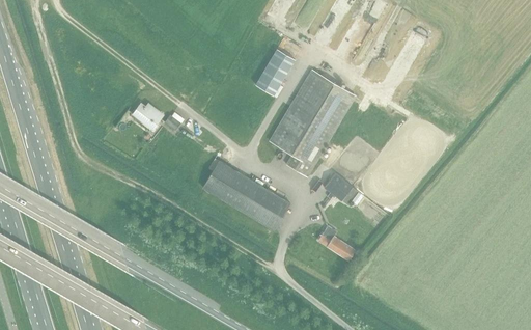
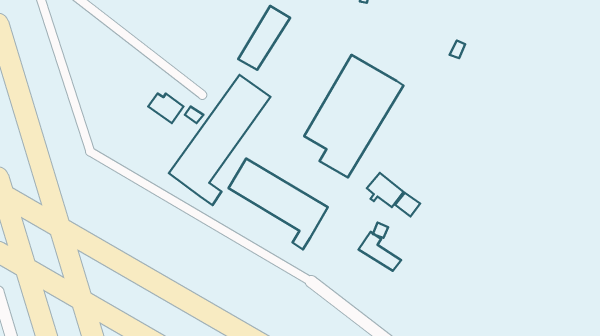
building: [255,37,301,93] -> [238,6,290,70]
building: none -> [169,75,270,205]

